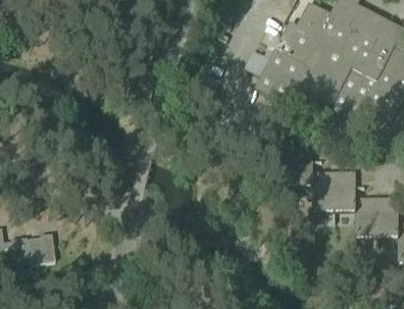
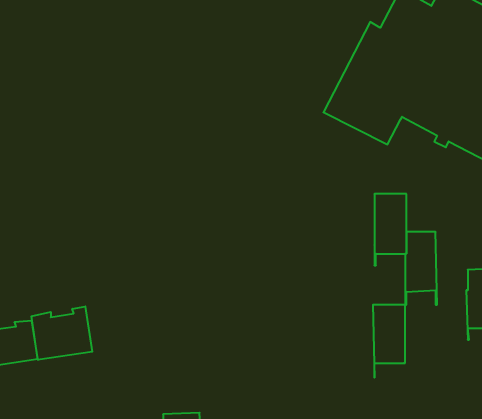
building: [334,171,356,222] -> [373,305,405,378]
building: none -> [31,306,92,360]

